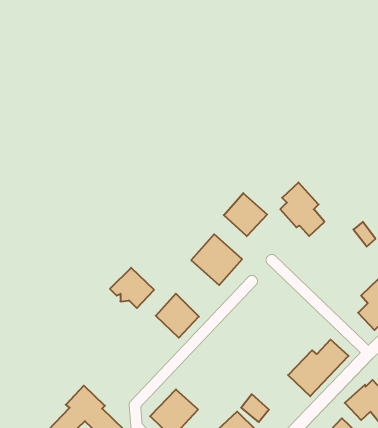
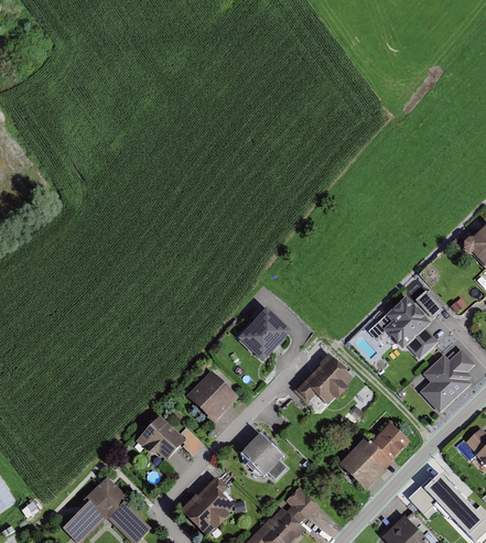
building: [280,182,324,236] -> [386,296,436,358]
building: [224,193,267,236] -> none
building: [110,268,154,308] -> [133,416,184,463]
building: none -> [296,354,353,405]
building: none -> [241,434,288,480]

